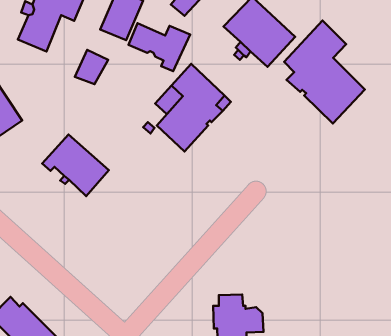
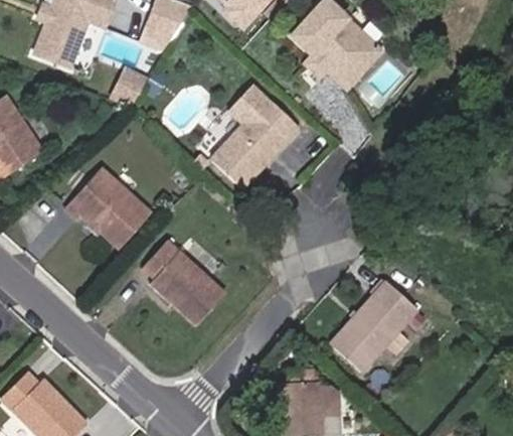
building: [284,21,365,123] -> none
building: [128,23,190,71] -> none
building: none -> [142,242,224,326]
building: none -> [330,282,415,371]

